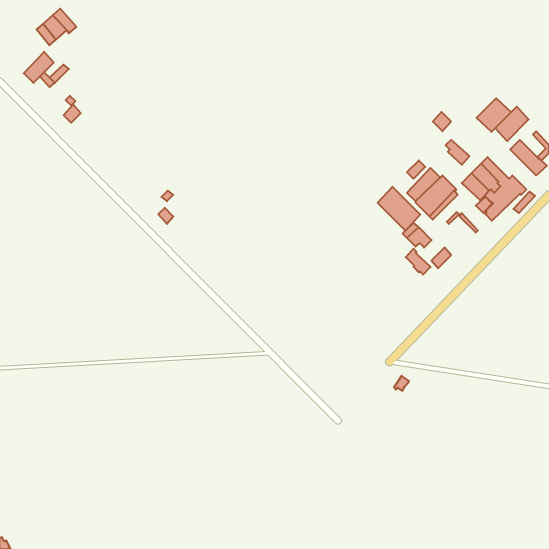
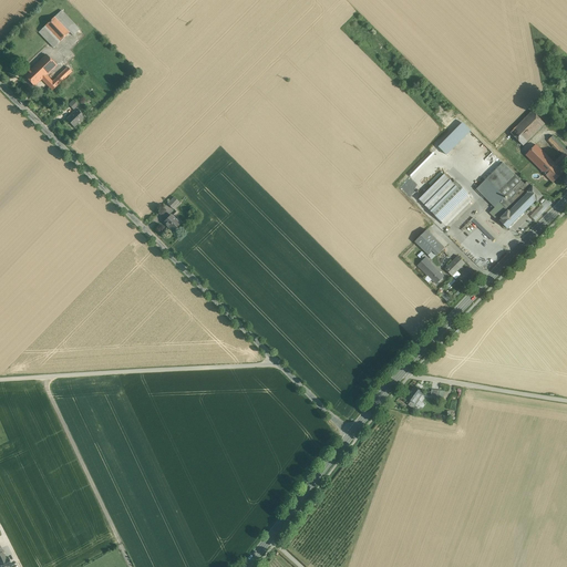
building: [477,98,511,132] -> none
building: [378,187,420,231] -> none

